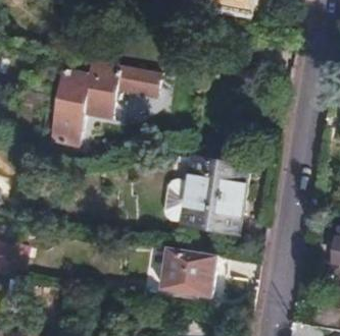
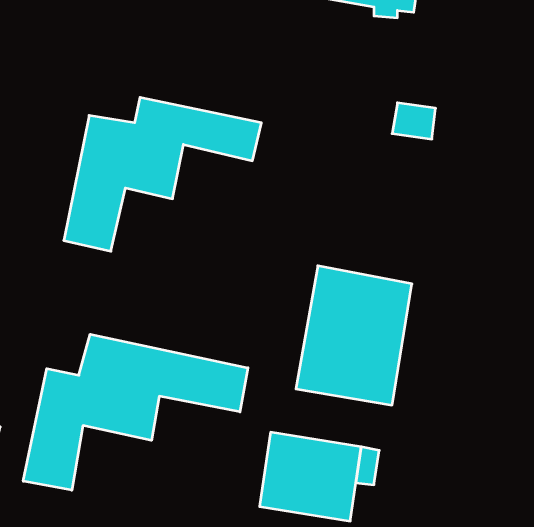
building: none -> [23,334,248,490]

